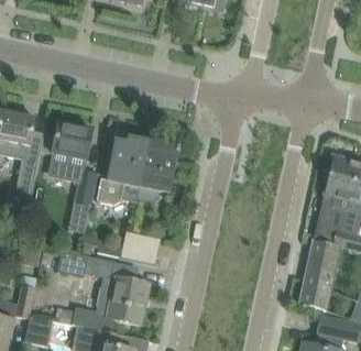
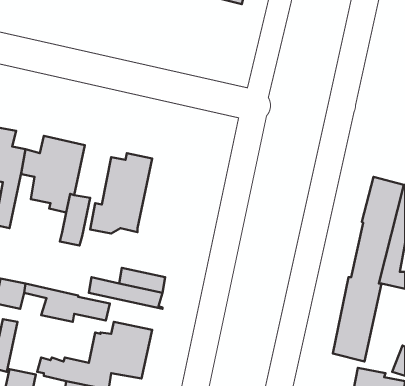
building: [136,140,179,201] -> none

